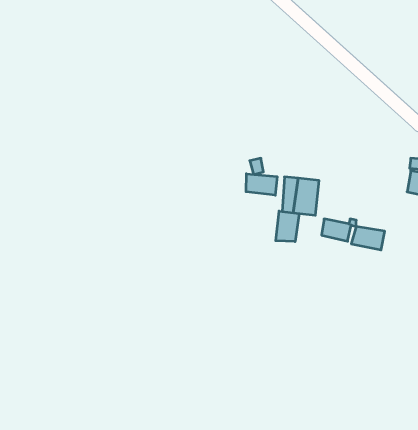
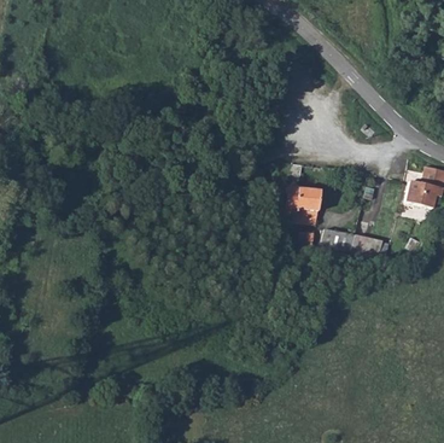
building: [246,174,277,195] -> none
building: [276,211,299,242] -> none

